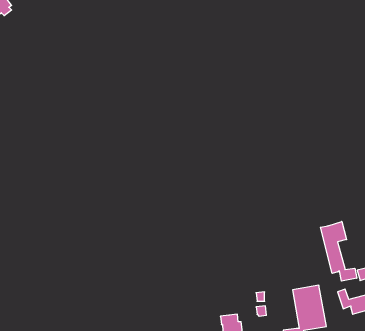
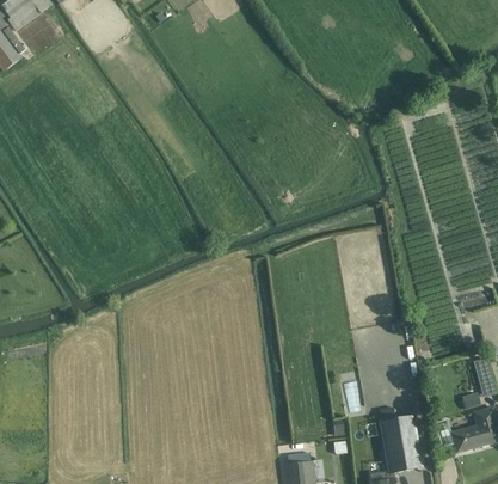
building: [320,221,357,281] -> none

